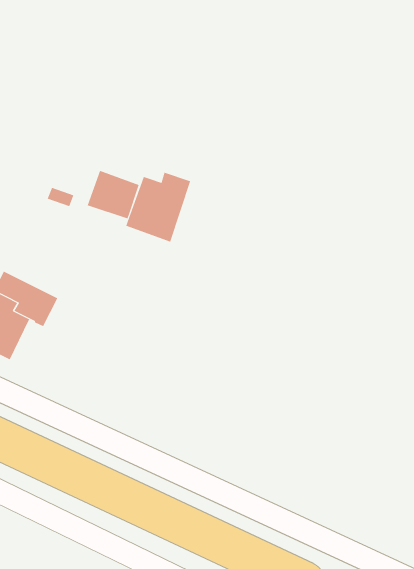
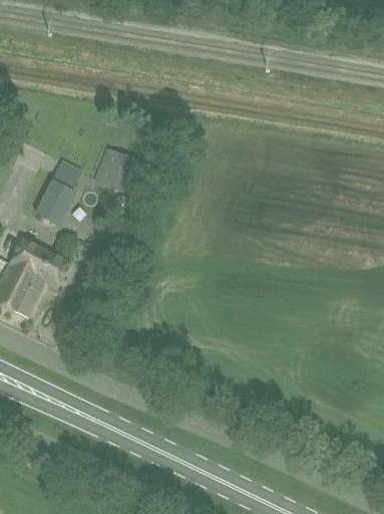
building: [126,172,191,242] -> none
building: none -> [34,180,75,225]

